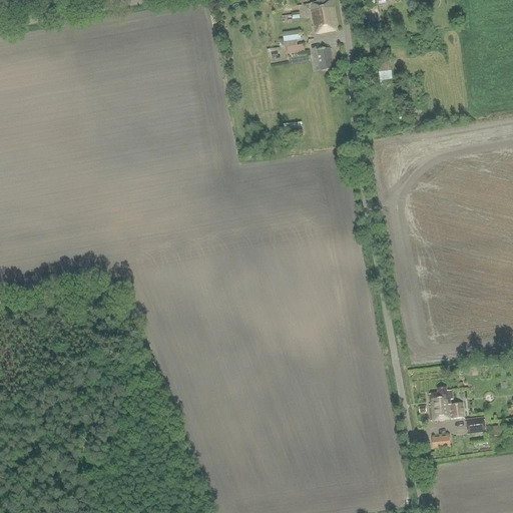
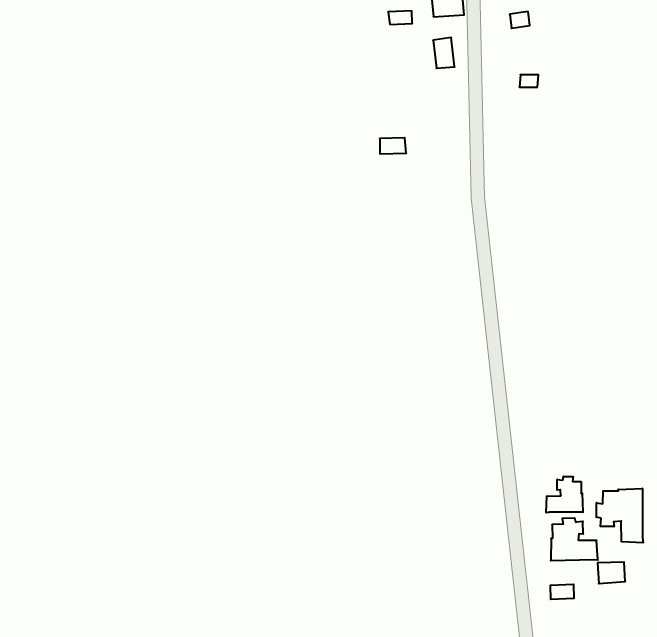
building: none -> [546,476,583,513]
building: none -> [596,488,643,543]

